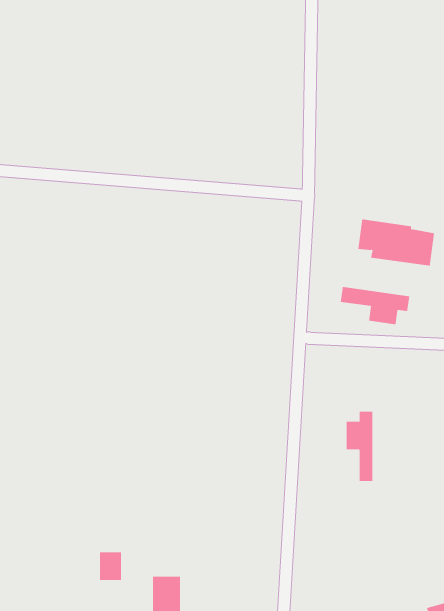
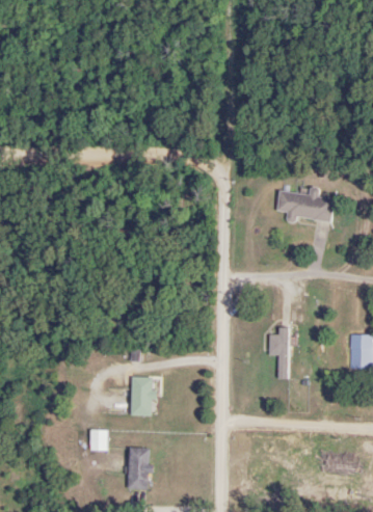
building: [340,286,410,325] -> none
building: none -> [131,377,153,415]

